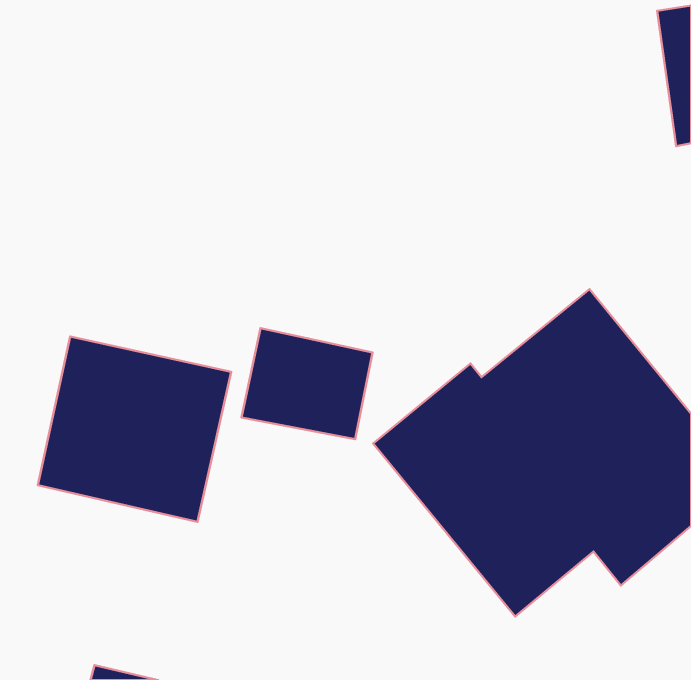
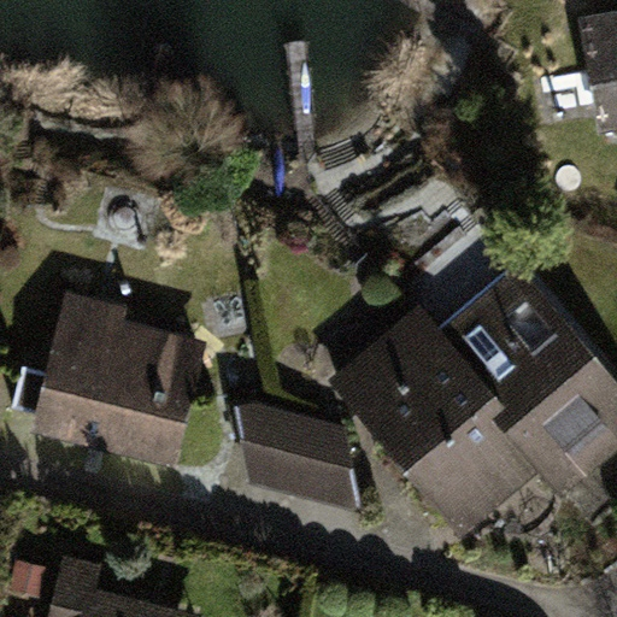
building: [241,328,373,439] -> [233,401,349,500]

